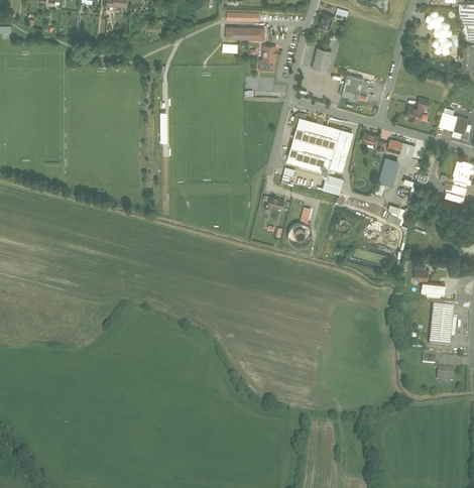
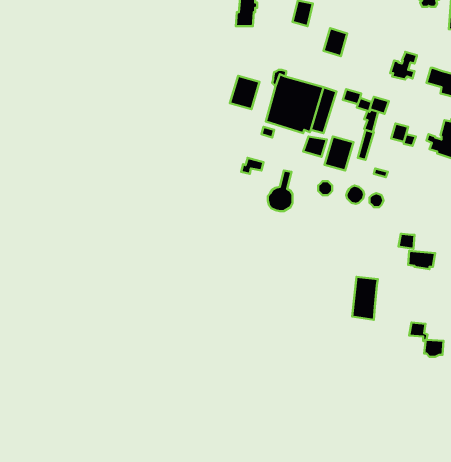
building: none -> [230,76,260,109]
building: none -> [324,137,354,170]
building: [431,308,455,348] -> [352,277,378,320]

